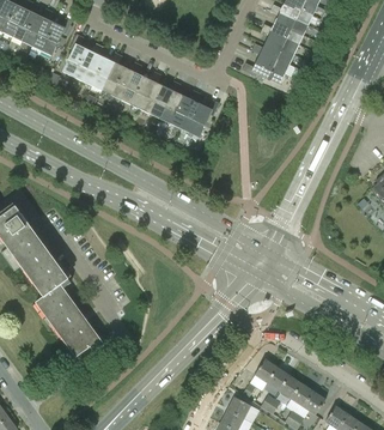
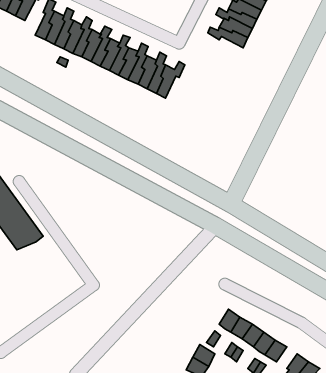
building: [36,289,104,358] -> none

